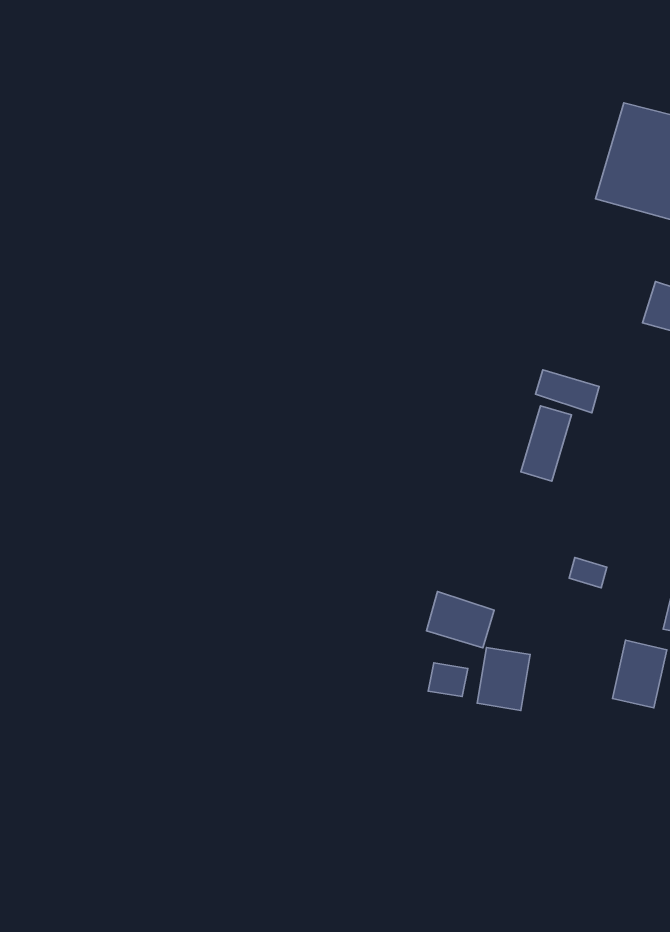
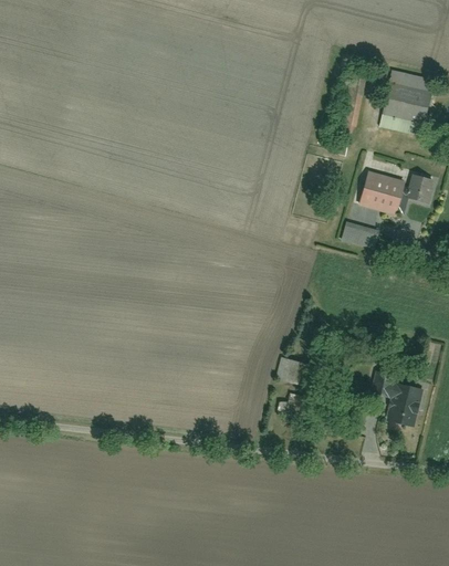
building: none -> [357,168,406,216]
building: [521,406,572,481] -> none
building: [477,647,530,710] -> none

